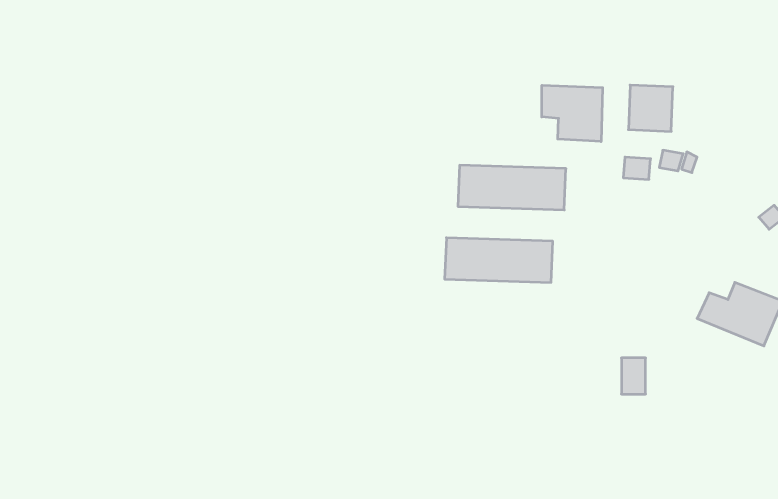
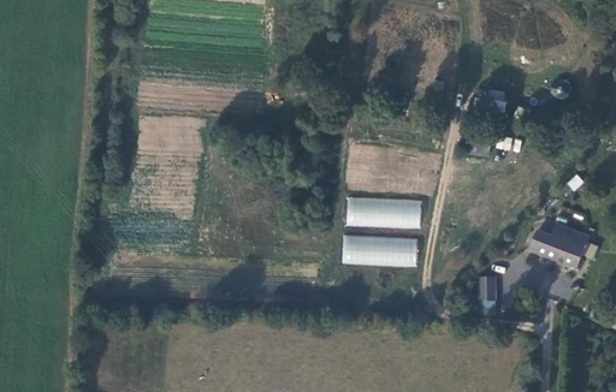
building: [542,85,603,142] -> none
building: [458,165,566,210] -> [344,234,420,266]

